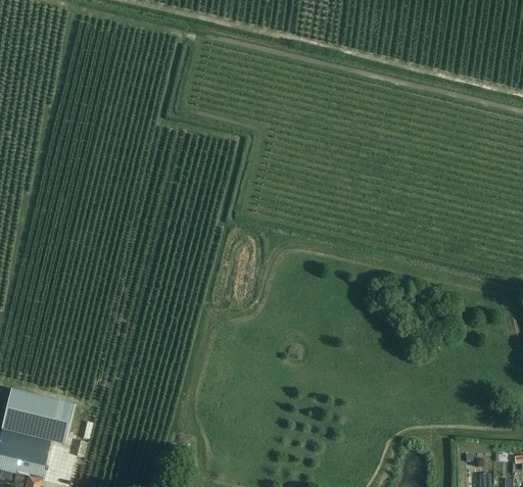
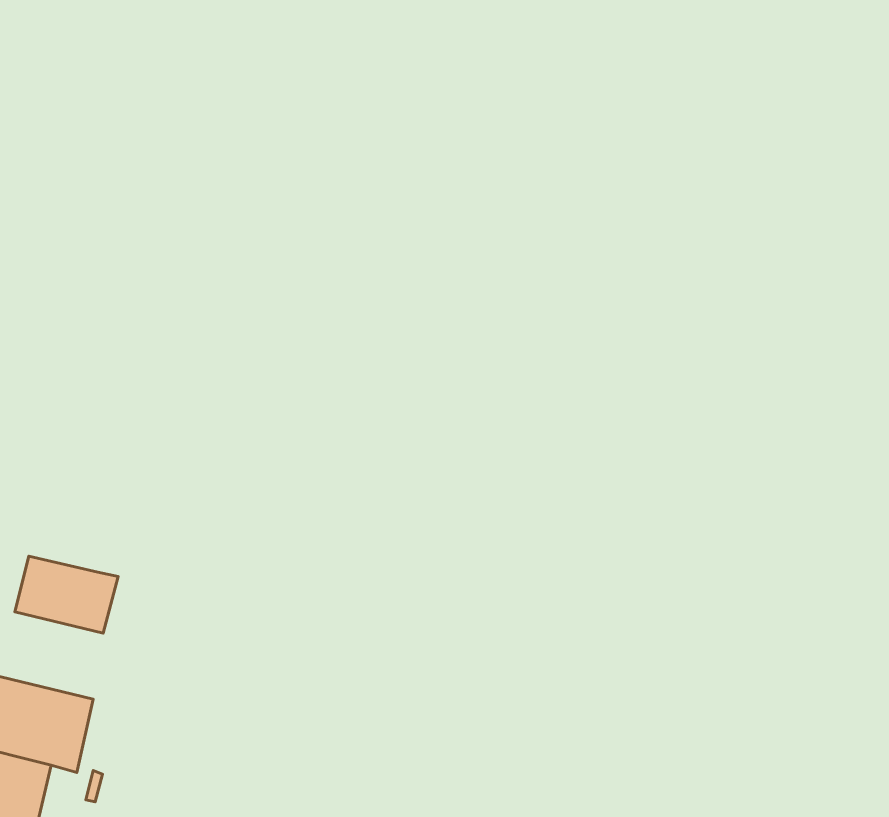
building: none -> [15,556,118,633]

